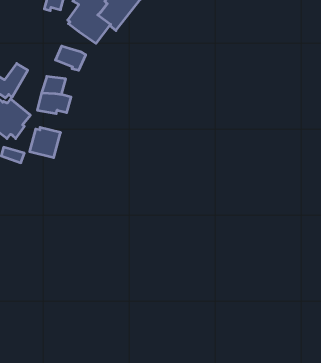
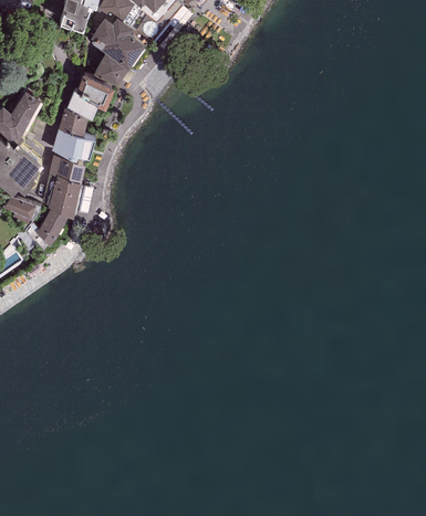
building: none -> [94,51,127,82]
building: none -> [67,87,97,113]
building: none -> [49,157,85,180]
building: none -> [37,209,67,249]

